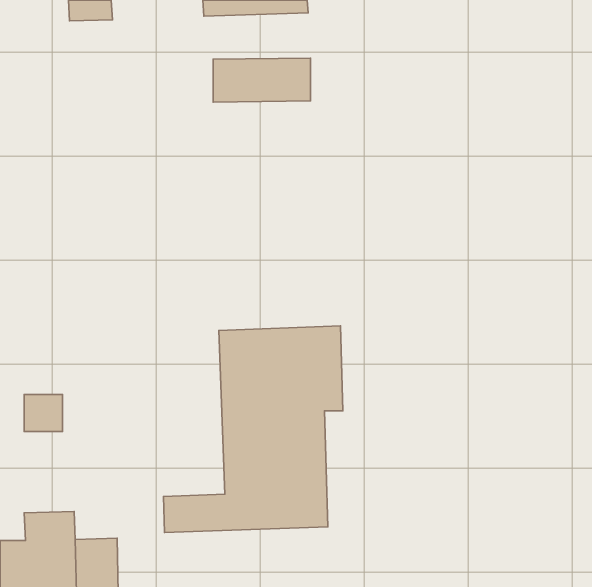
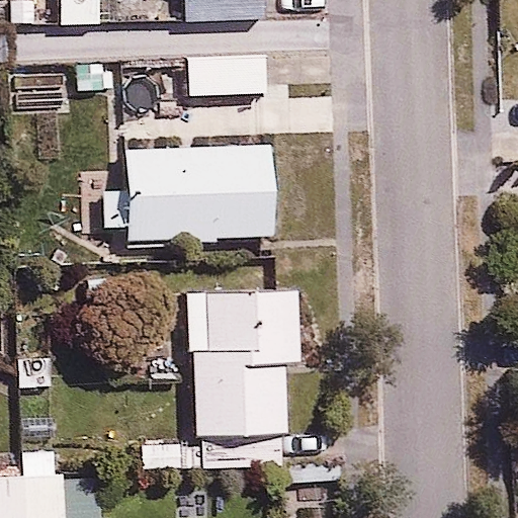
building: none -> [105,144,276,242]

